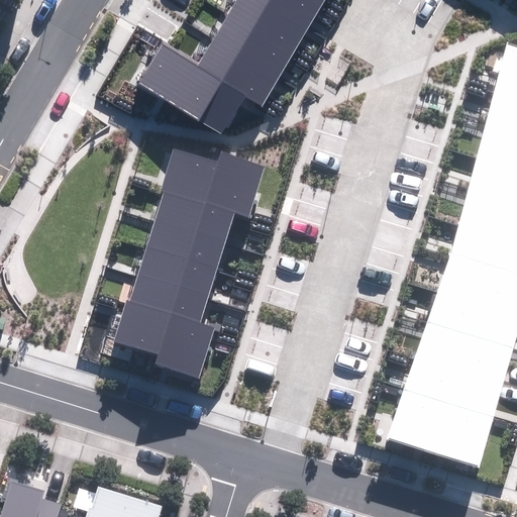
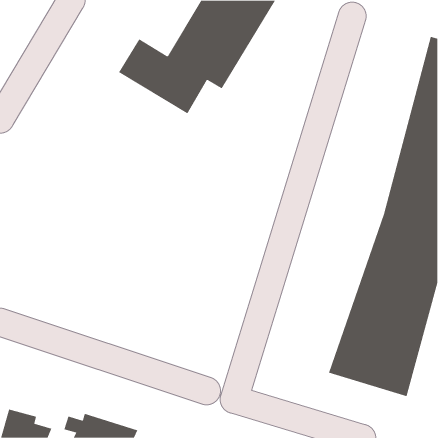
building: [114,147,267,380] -> none

